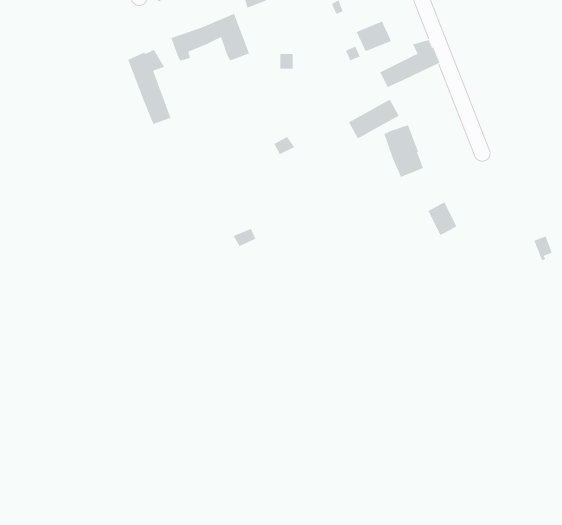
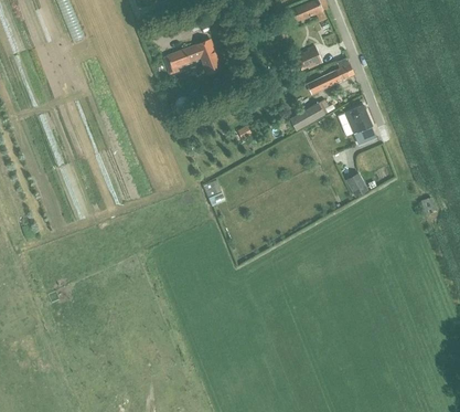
building: [128,49,171,125] -> none
building: [383,125,424,178] -> [345,104,374,141]

